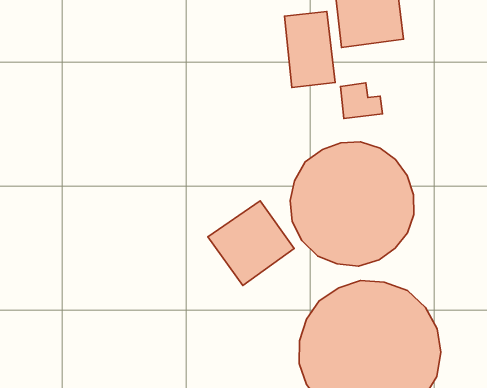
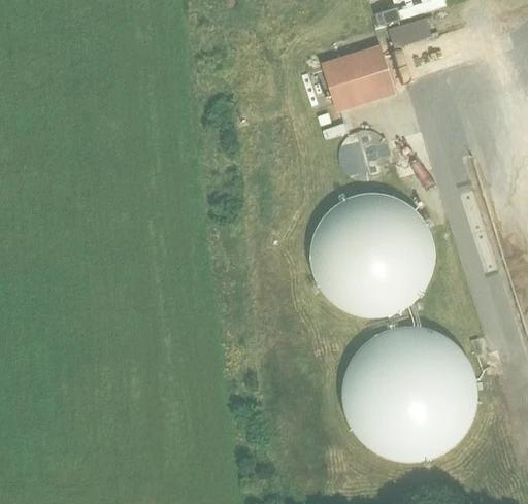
building: [285,11,335,88] -> none
building: [208,201,294,285] -> none

